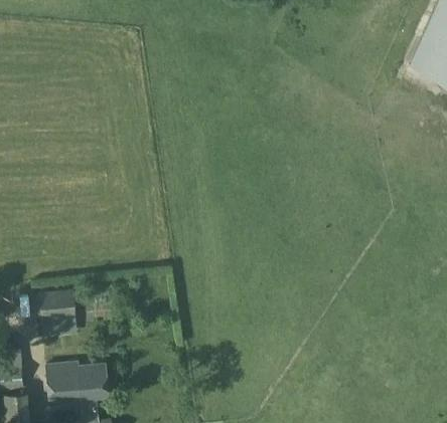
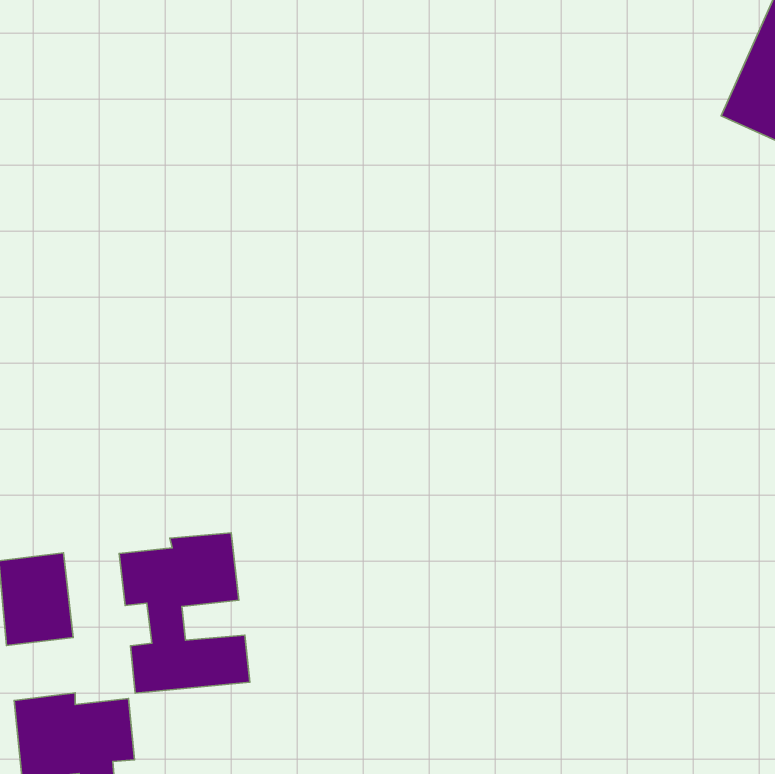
building: none -> [119,533,250,693]

